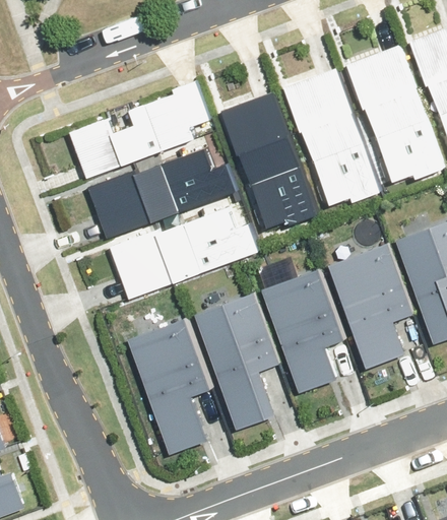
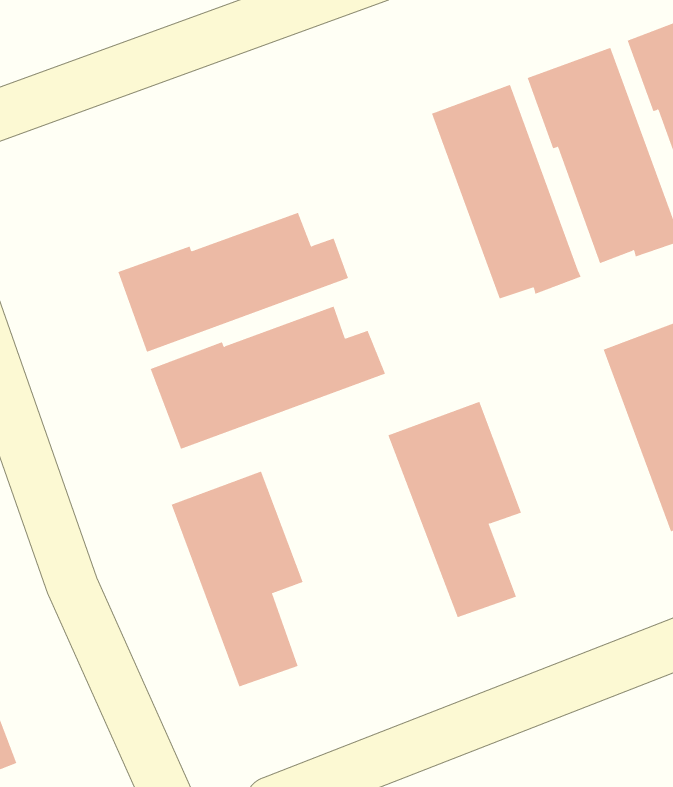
building: [70,82,209,179] -> none
building: [221,93,318,229] -> none
building: [326,245,409,382] -> none
building: [192,291,275,428] -> none

